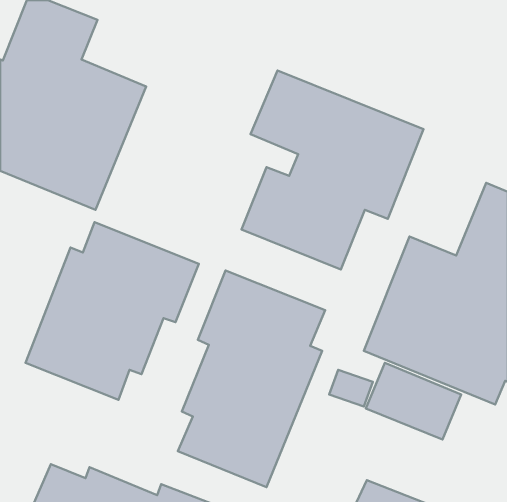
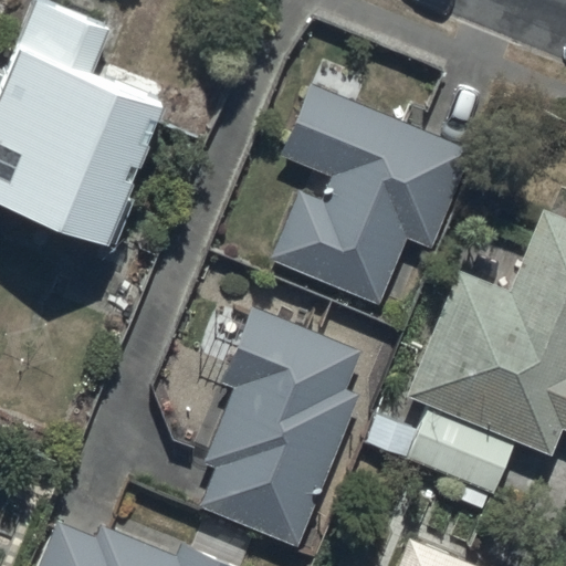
building: [25,222,199,400] -> none

